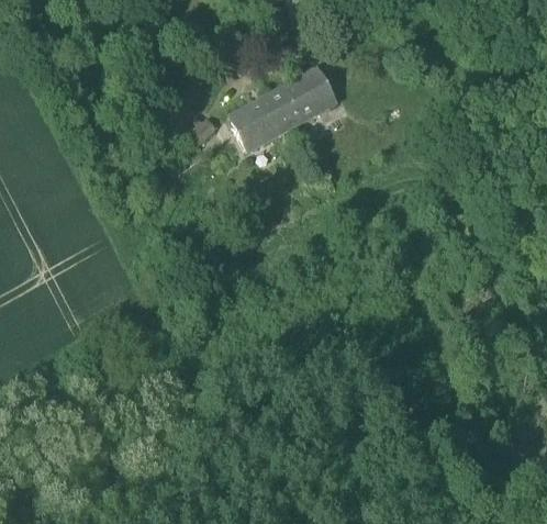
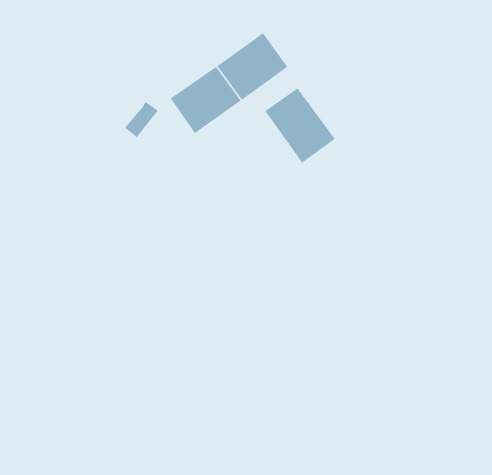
building: none -> [265,88,335,163]

